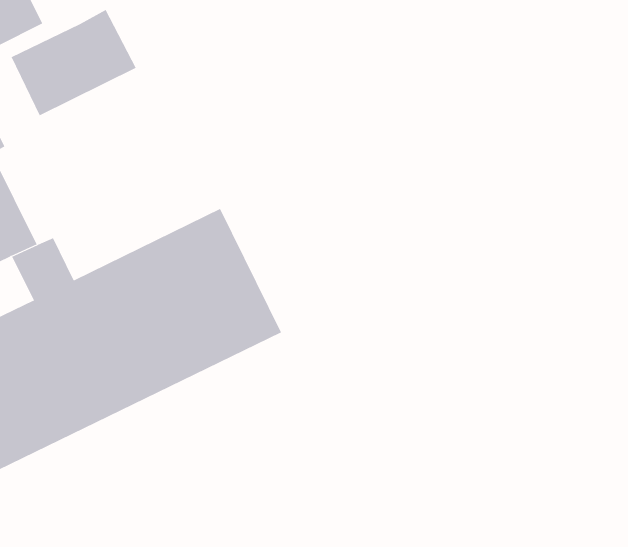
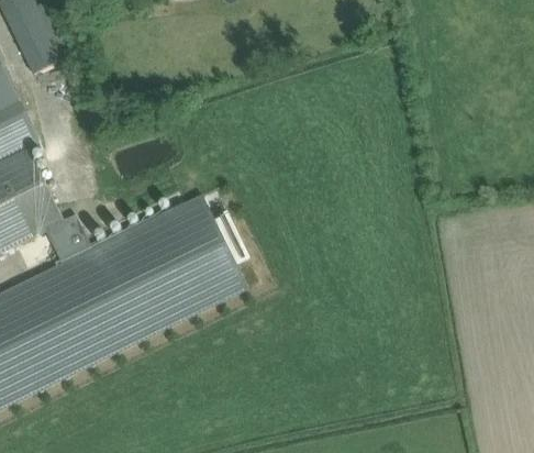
building: [11,9,137,116] -> none

